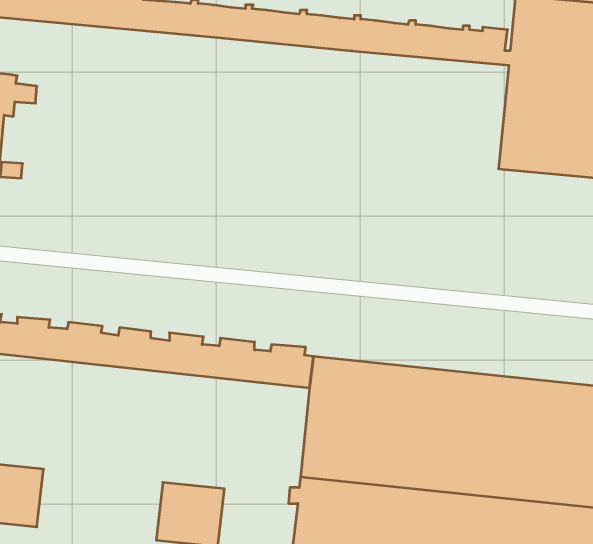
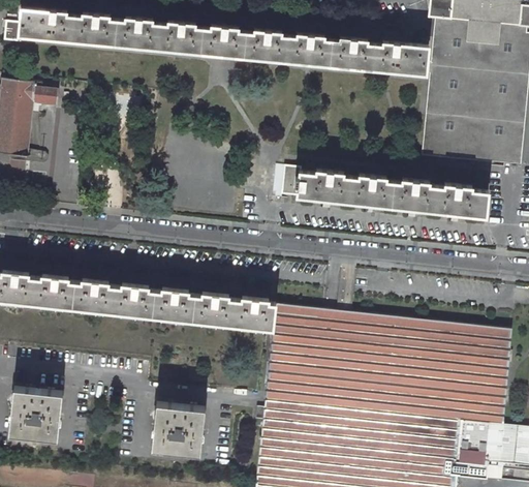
building: none -> [273,165,489,217]

